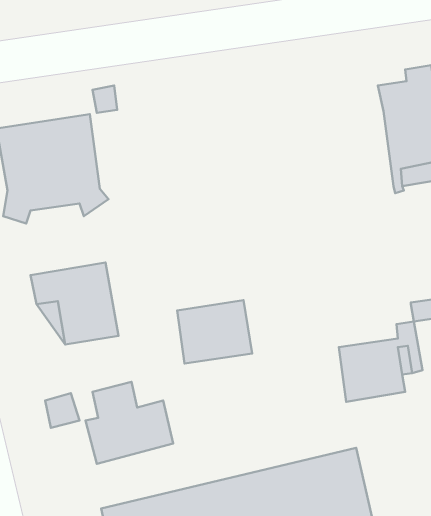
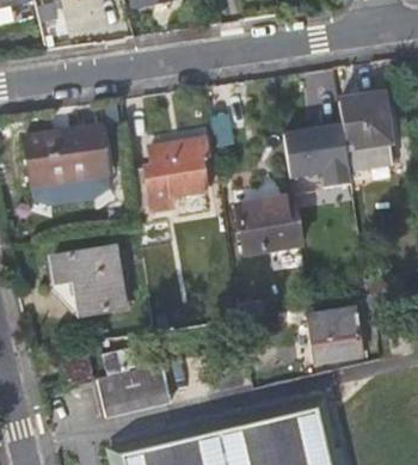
building: none -> [284,123,351,189]
building: none -> [143,140,207,212]
building: [177,300,252,364] -> [236,201,299,253]

